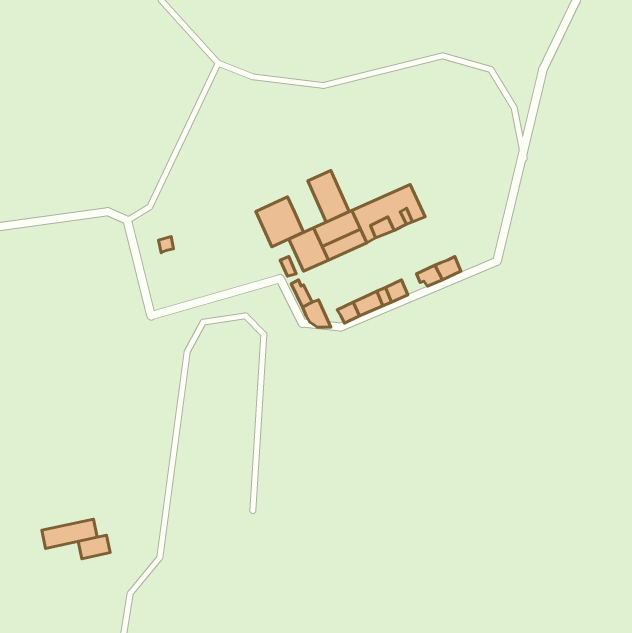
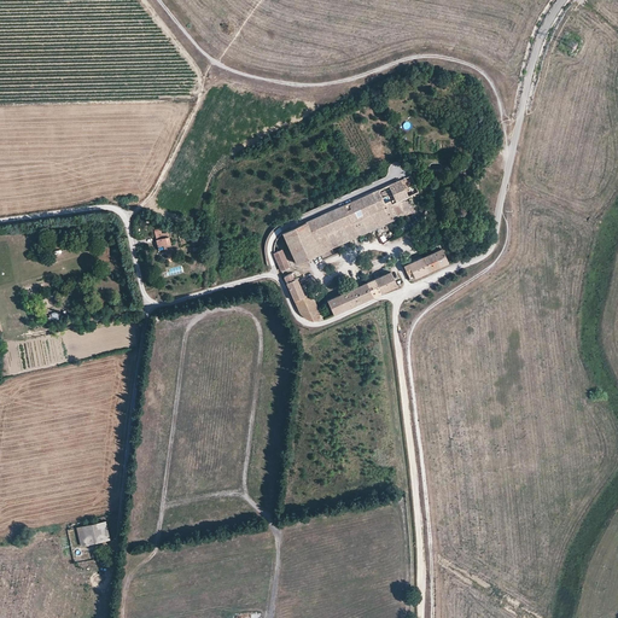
building: [308,170,349,222] -> none
building: [256,197,303,247] -> none
building: [42,519,97,548] -> none

